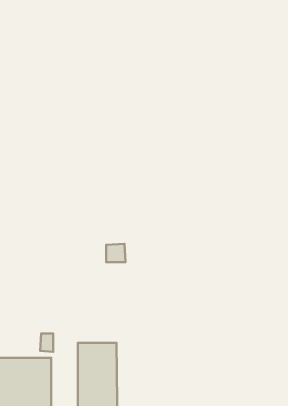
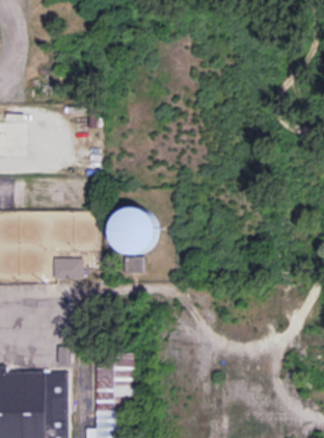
building: none -> [110,208,156,253]
building: none -> [53,257,83,278]

